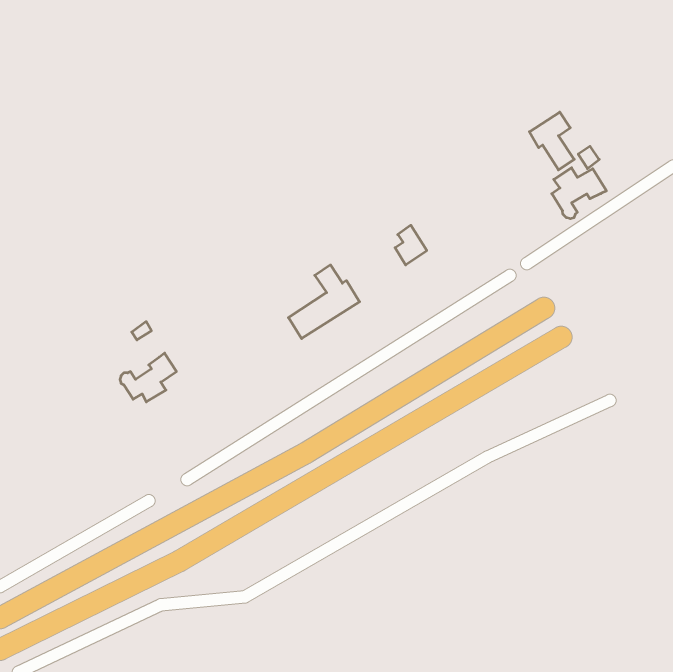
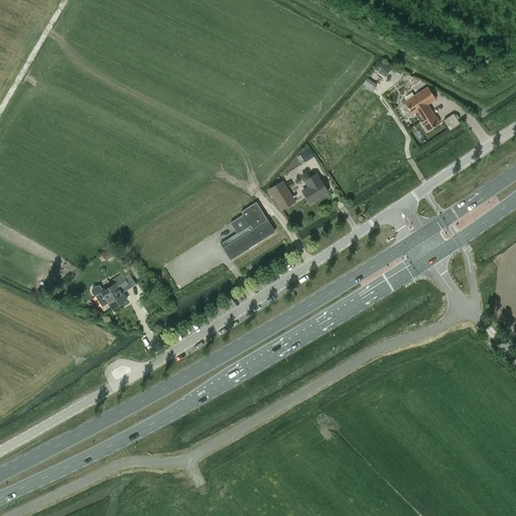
building: [552,168,606,219] -> none
building: none -> [268,179,295,209]

